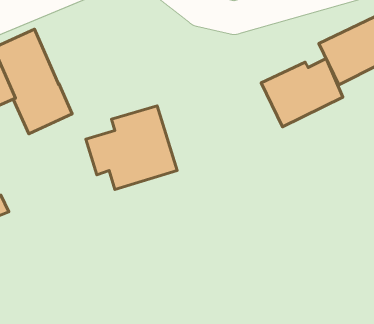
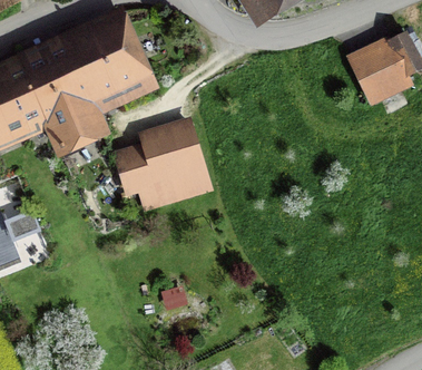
building: none -> [65,23,138,101]
building: [261,59,343,127] -> none

